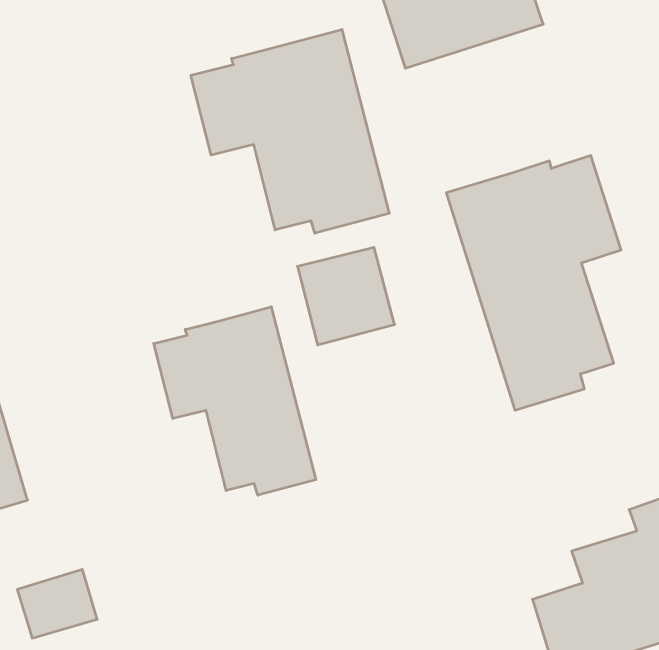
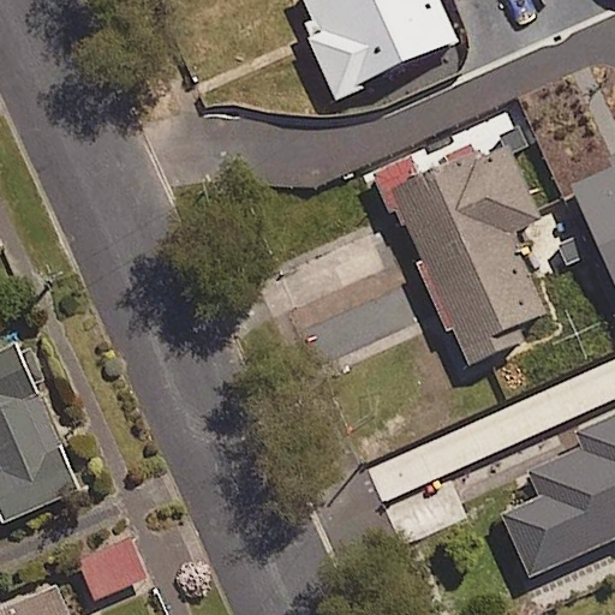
building: [191,29,389,233] -> none
building: [154,307,316,495] -> none

